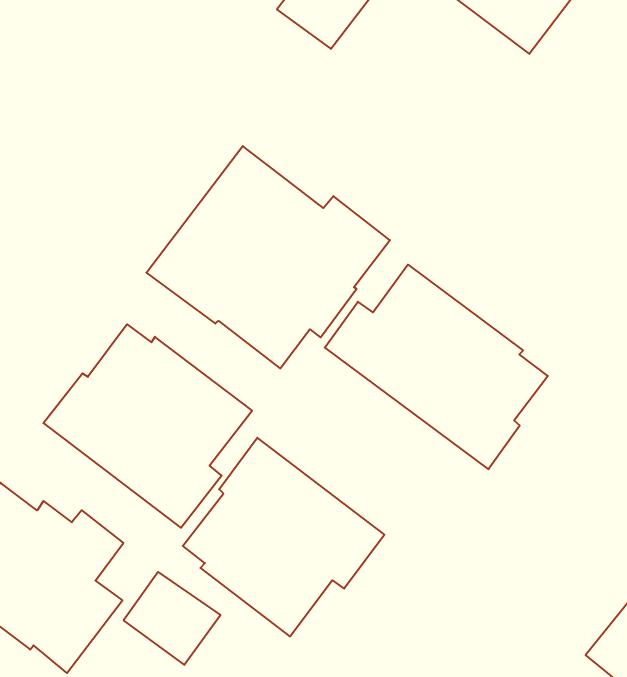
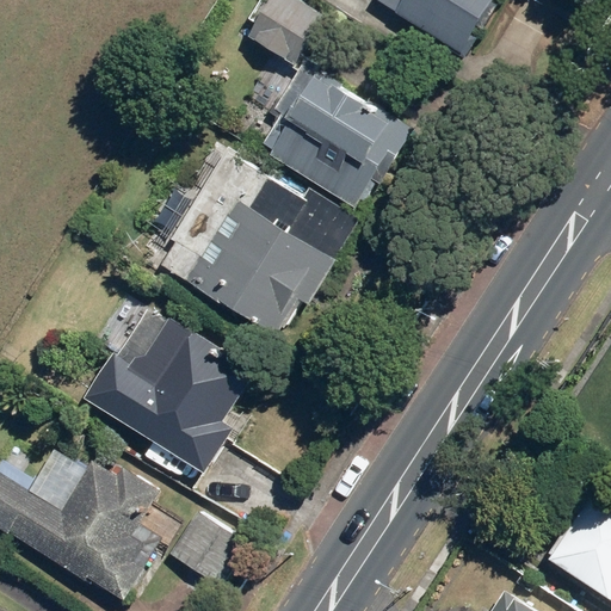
building: none -> [260,60,413,209]
building: [325,265,548,469] -> none
building: [183,438,384,636] -> none

